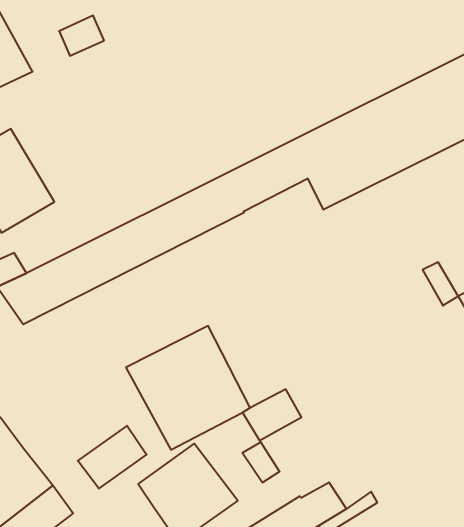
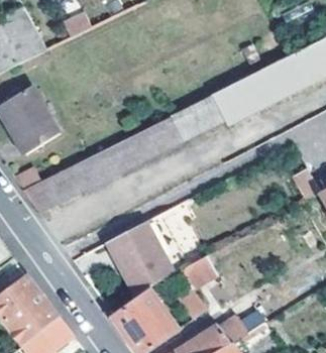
building: [78,426,147,489] -> none

